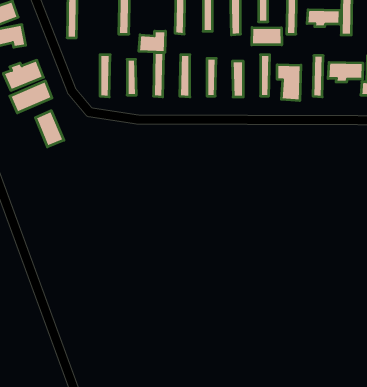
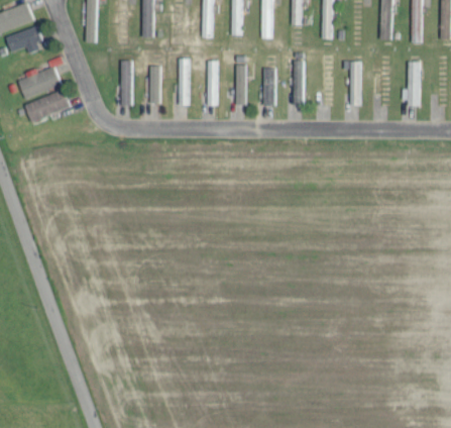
building: [307,10,340,27] -> none
building: [252,27,282,45] -> none
building: [139,31,165,52] -> none
building: [328,62,363,82] -> none
building: [277,65,301,101] -> none
building: [35,111,64,147] -> none

